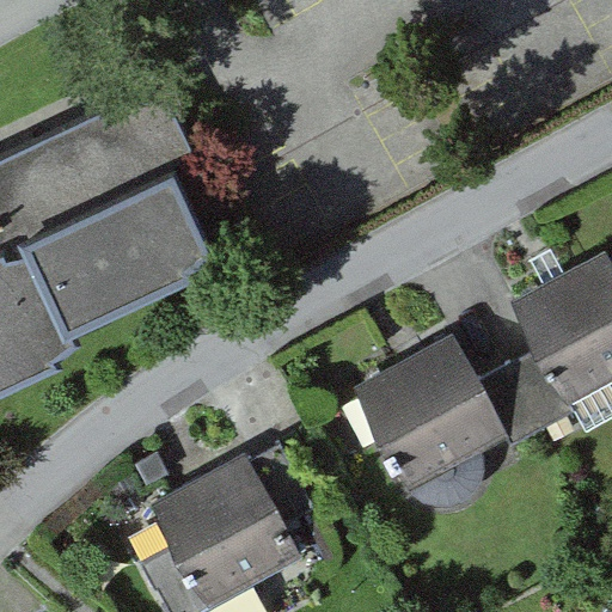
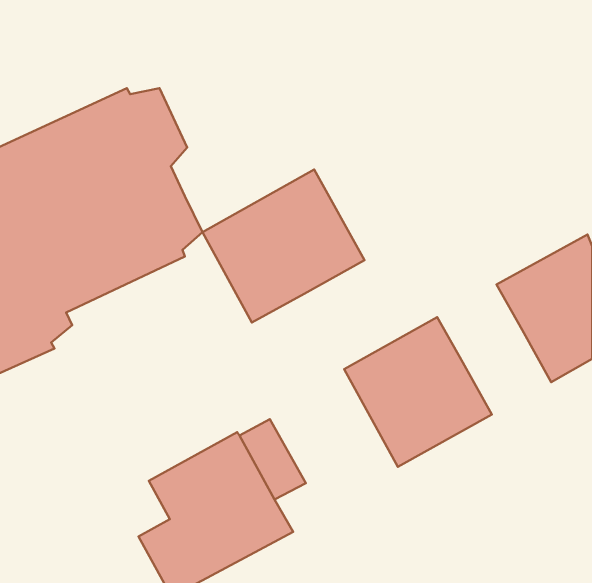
building: none -> [202,170,364,322]
building: [476,350,571,446] -> none

